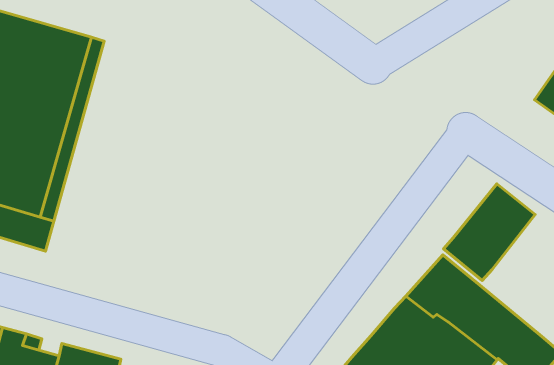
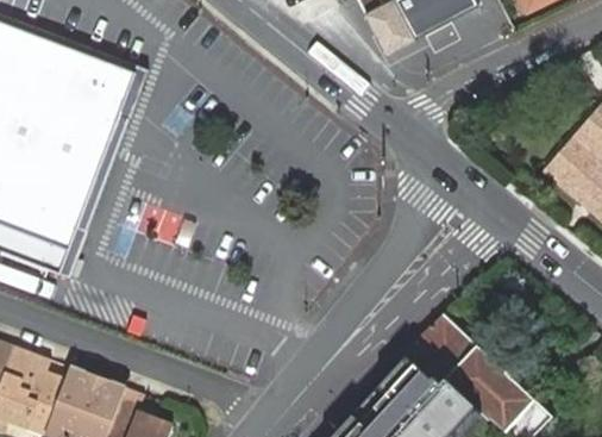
building: [444,184,535,281] -> none

